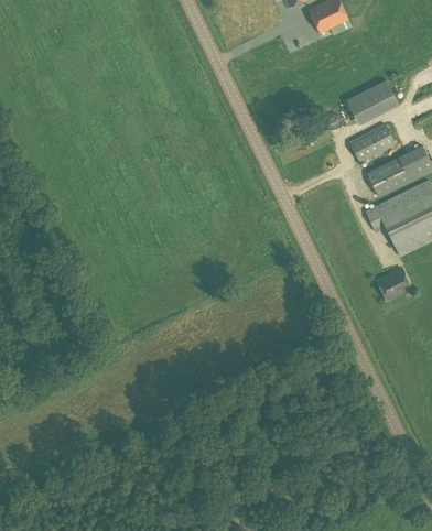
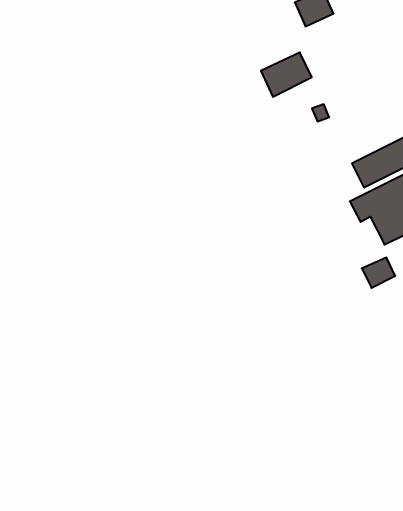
building: [347,75,399,120] -> [261,52,312,97]
building: [349,124,395,162] -> none

